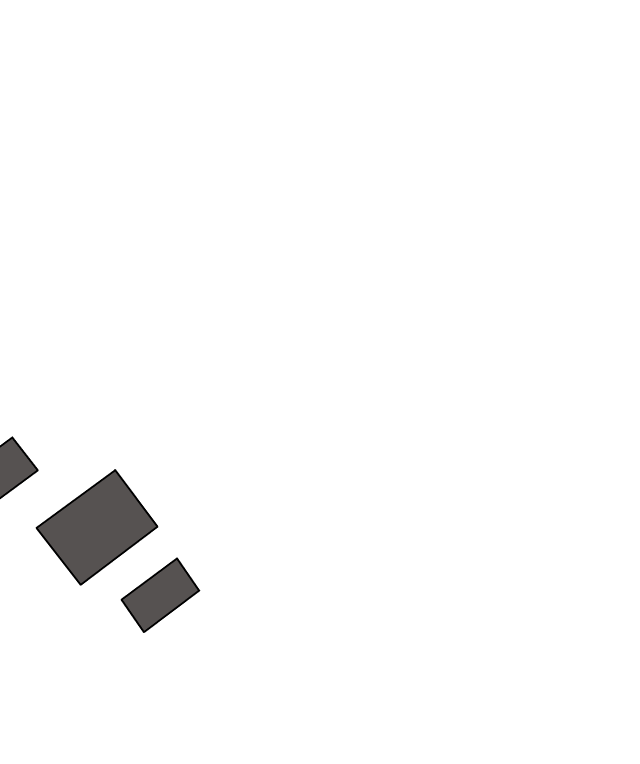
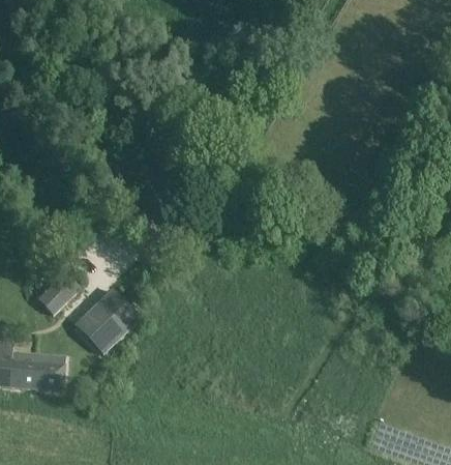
building: [122,558,199,632] -> none

